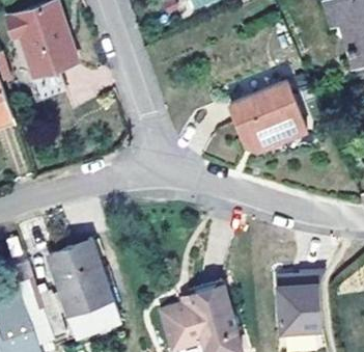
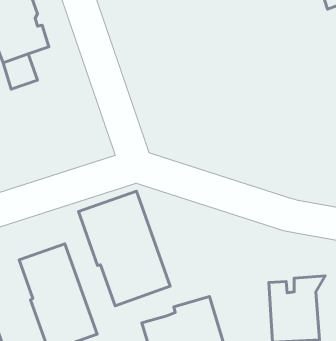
building: [229,80,306,150] -> none
building: none -> [79,191,170,306]

